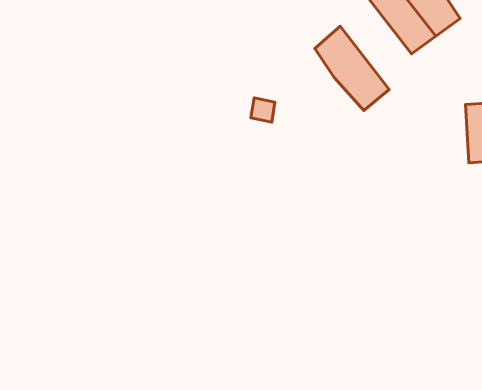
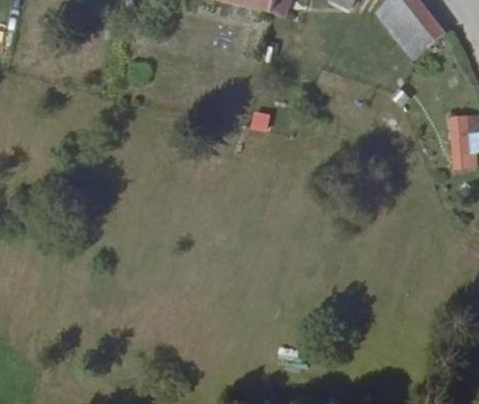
building: [315,26,389,111] -> none

